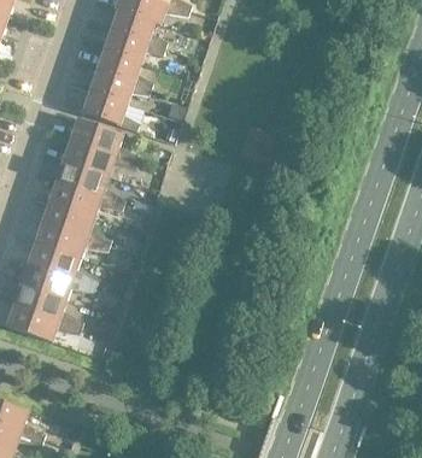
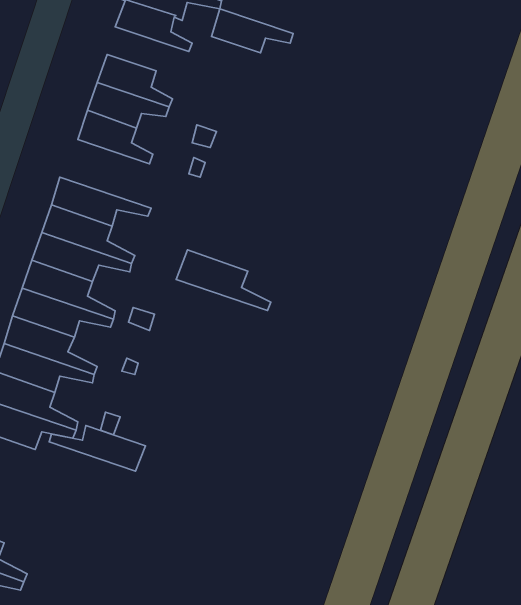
building: [104,29,164,61] -> [212,9,293,53]
building: [69,118,139,163] -> [176,250,271,310]
building: none -> [49,425,146,471]

